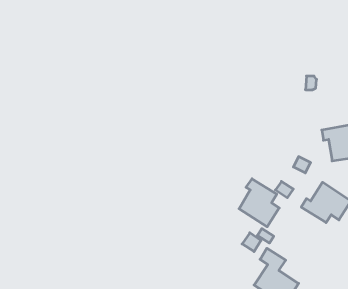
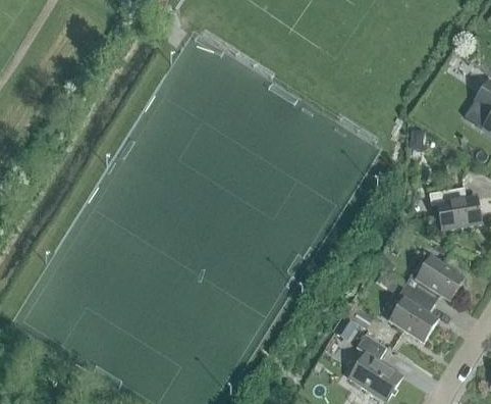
building: [239,179,279,227] -> [389,285,437,342]

